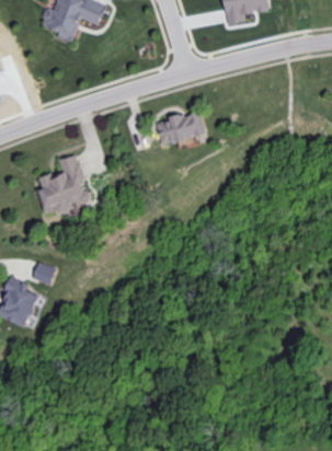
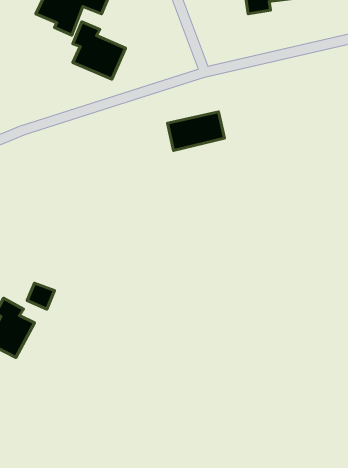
building: none -> [73,22,125,79]
building: [38,154,88,215] -> none

